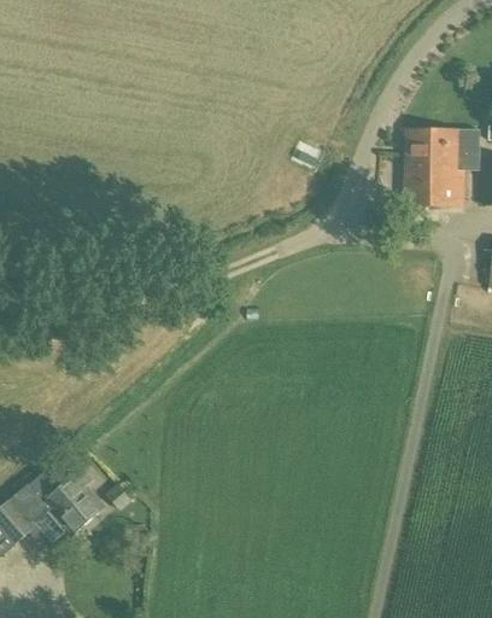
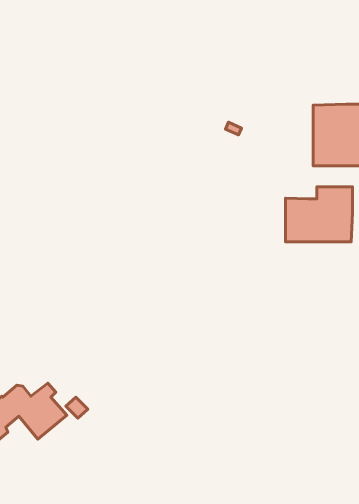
building: none -> [285,187,352,242]

